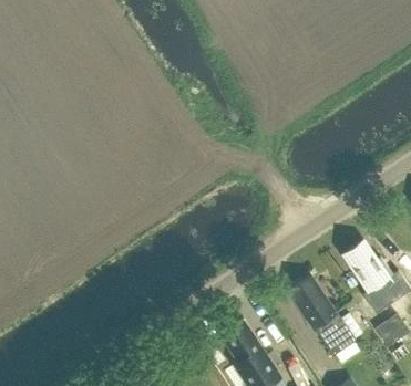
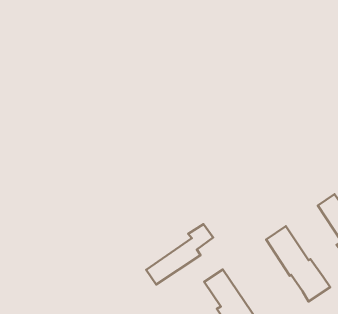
building: none -> [146,224,213,285]

